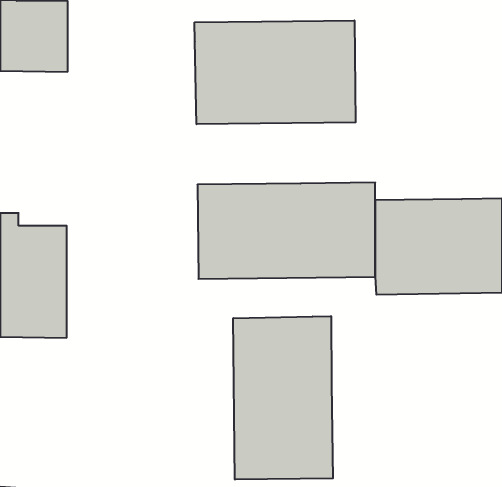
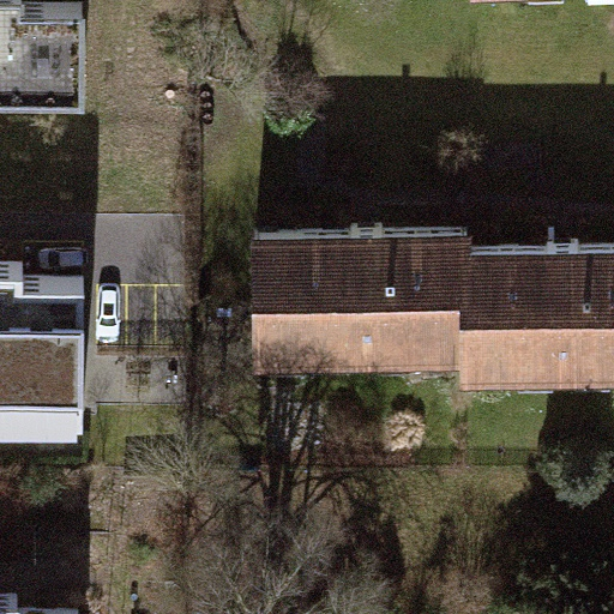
building: [195,20,356,124] -> none
building: [233,316,333,480] -> none

